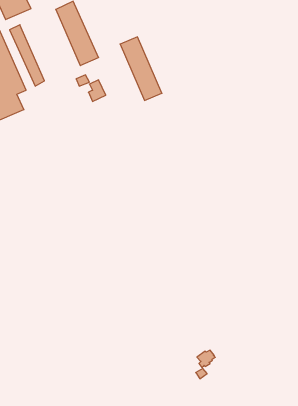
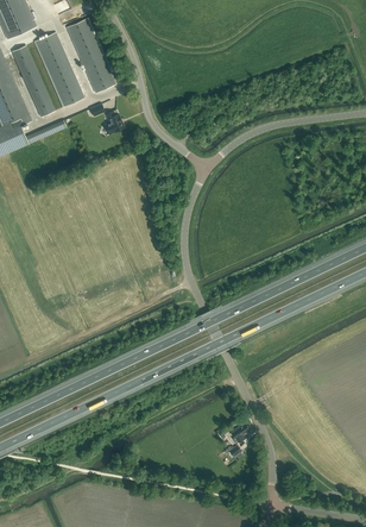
building: [120,37,162,100] -> [36,32,84,106]

